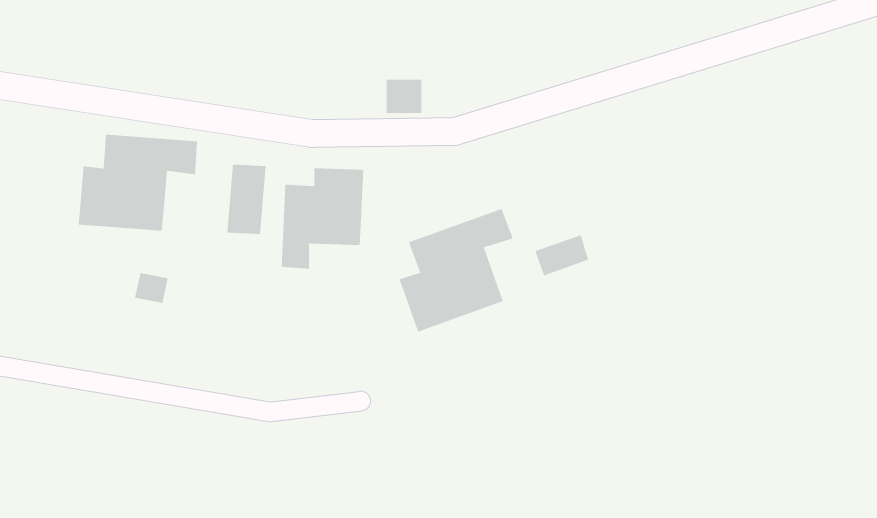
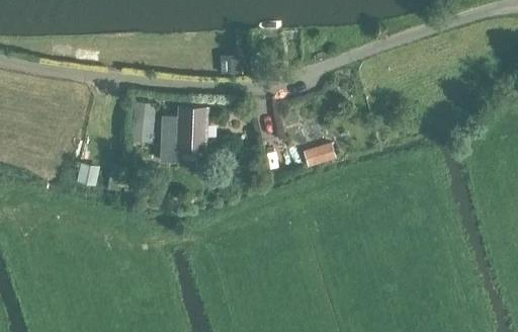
building: [78,134,197,231] -> none
building: [399,208,514,333] -> none

